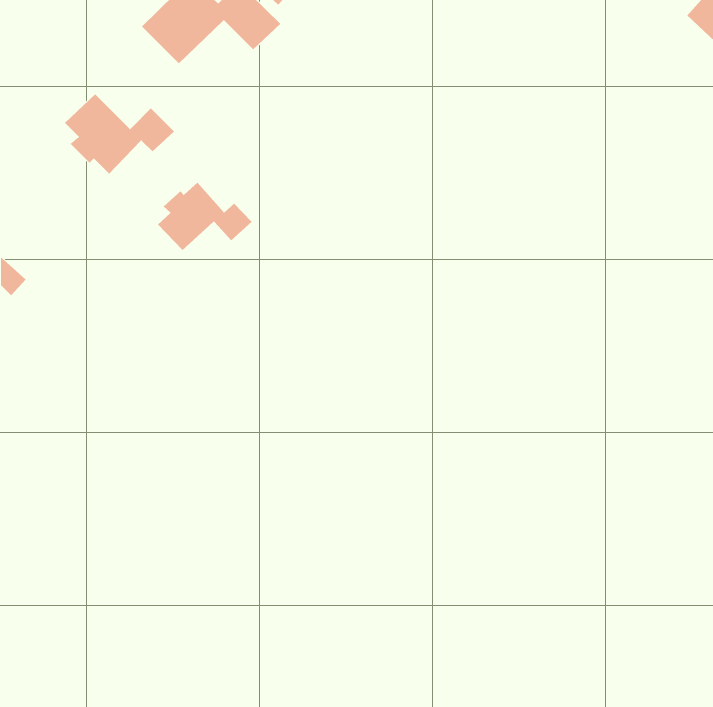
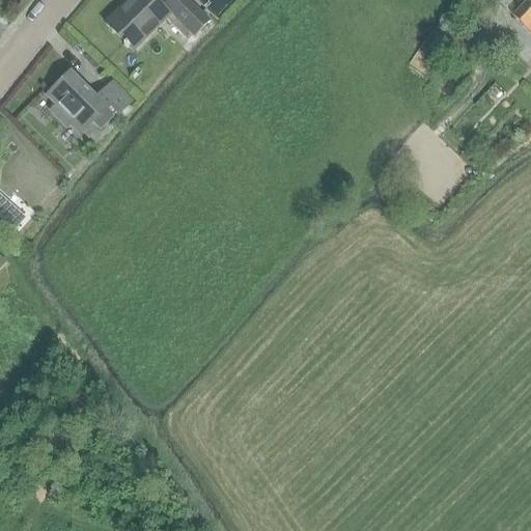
building: [157,182,253,251] -> none

